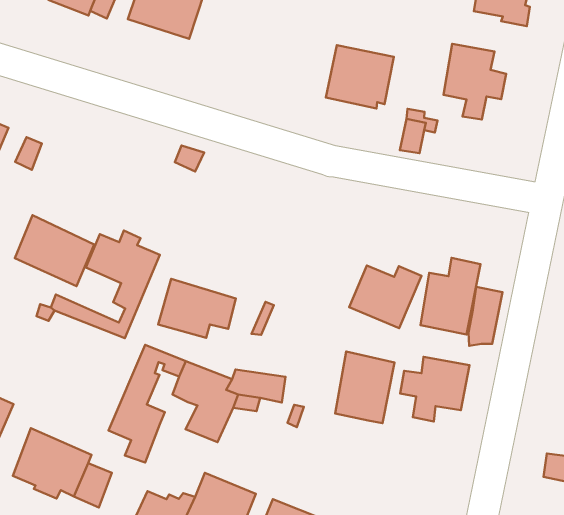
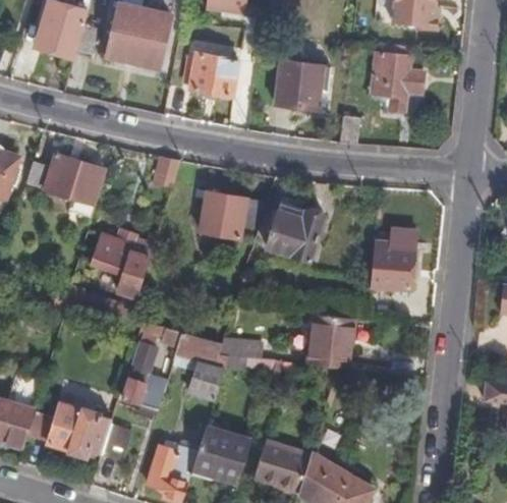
building: none -> [190,52,239,97]
building: [15,215,94,286] -> [43,152,107,207]
building: [349,266,422,328] -> [266,211,323,262]
building: [158,279,236,338] -> [200,191,262,237]
building: [469,287,502,346] -> none
building: [400,357,470,421] -> none

